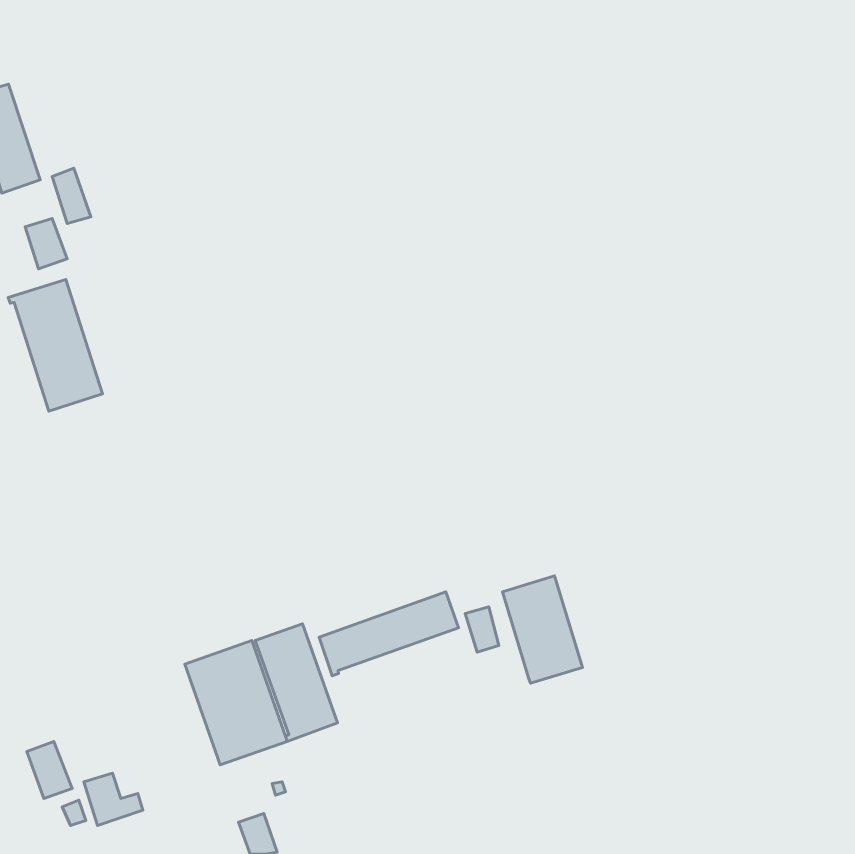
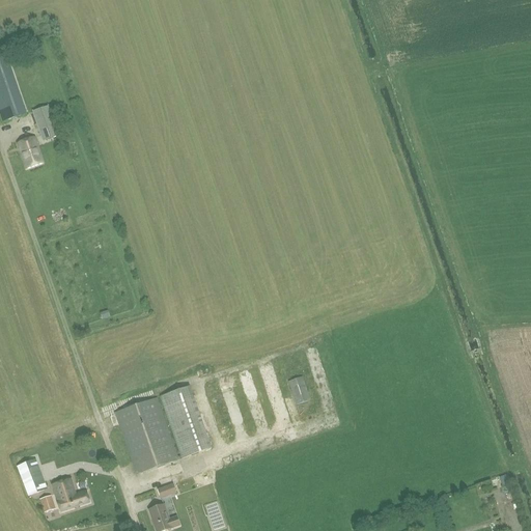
building: [8,280,103,411] -> none
building: [503,576,582,683] -> none
building: [319,592,459,676] -> none

